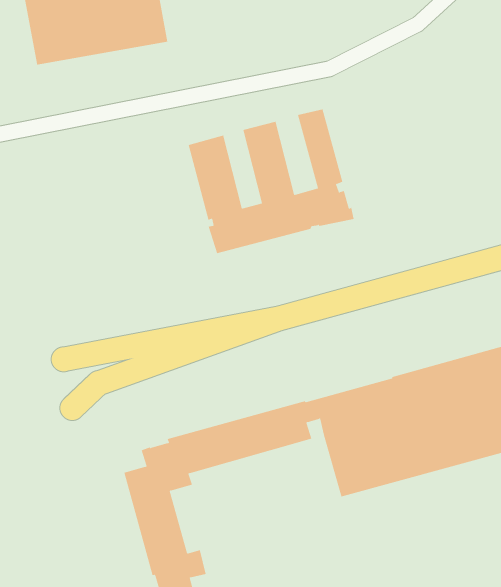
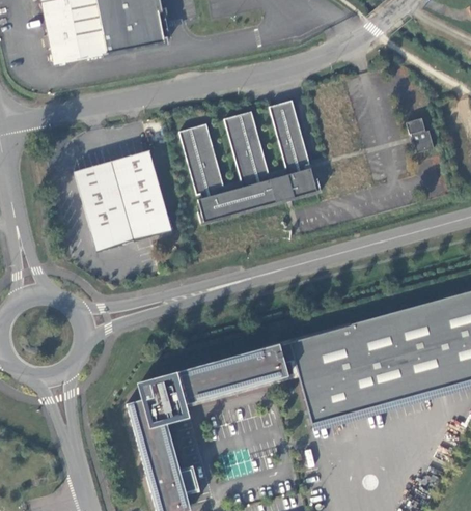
building: none -> [407,117,436,153]
building: none -> [76,154,173,254]

